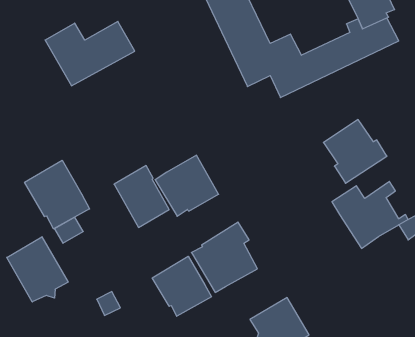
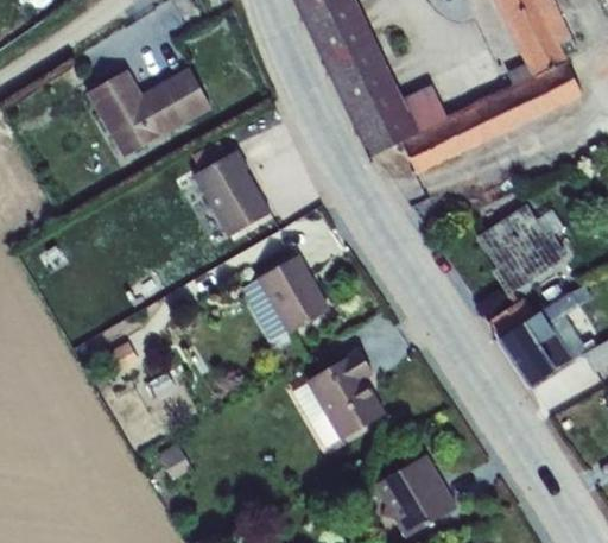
building: [25,160,90,229] -> none
building: [114,166,169,227] -> [194,150,271,236]
building: [7,237,68,302] -> none
building: [152,256,211,316] -> none

